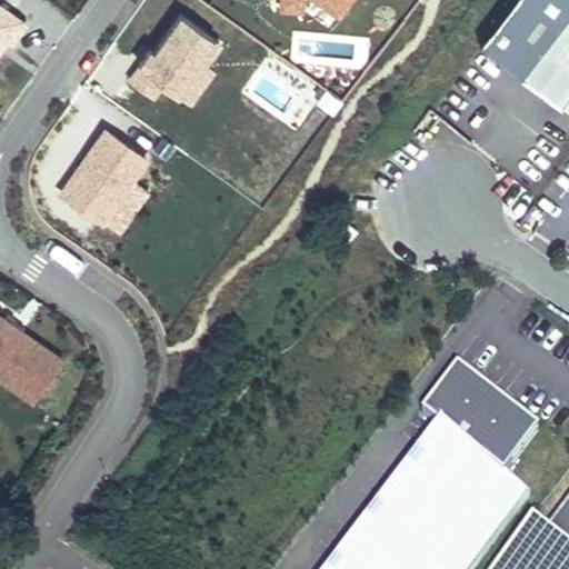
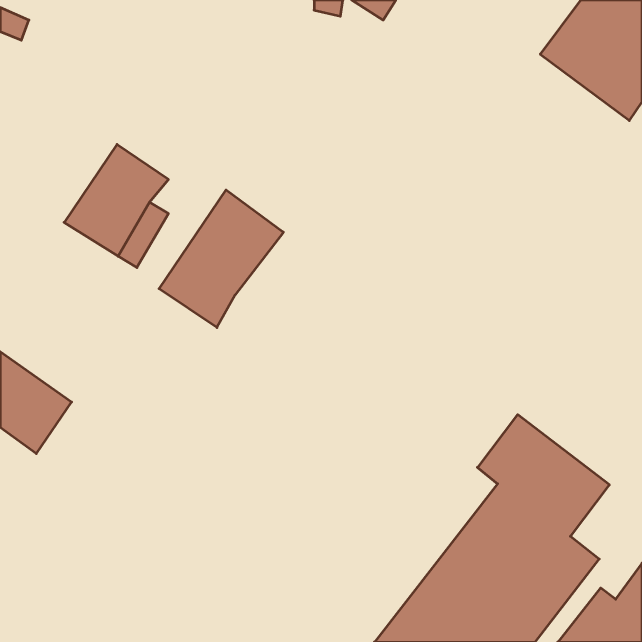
building: [140,17,214,97] -> none
building: none -> [159,190,283,328]

